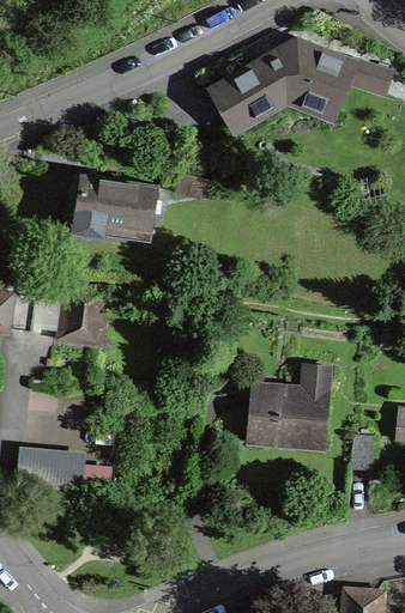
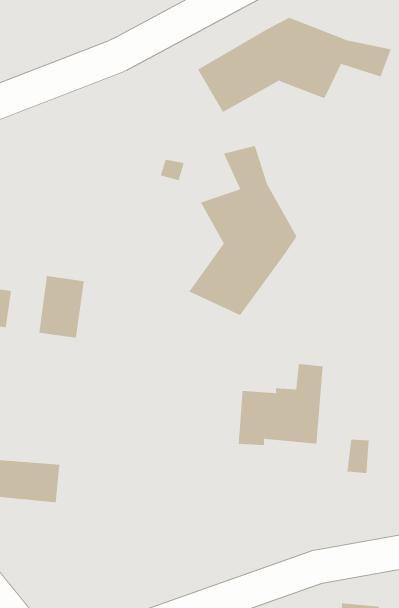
building: none -> [188,145,297,316]
building: [73,174,158,235] -> none

